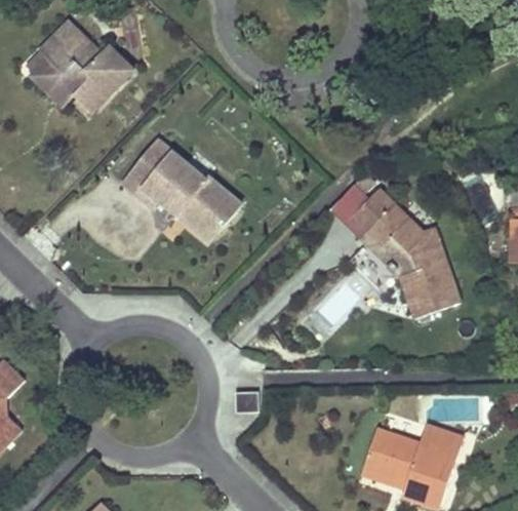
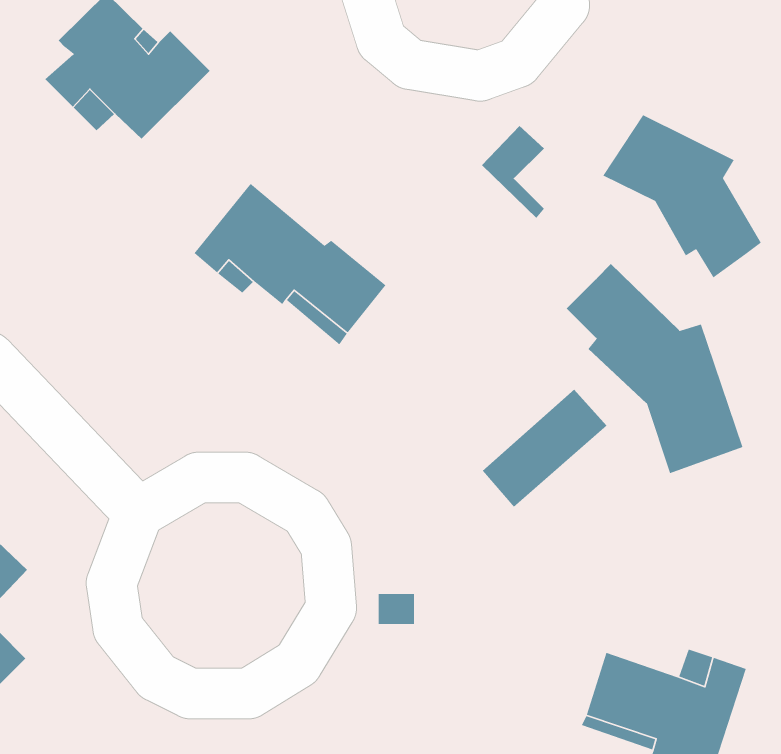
building: none -> [602,114,762,279]
building: [331,184,370,241] -> [481,125,545,219]

